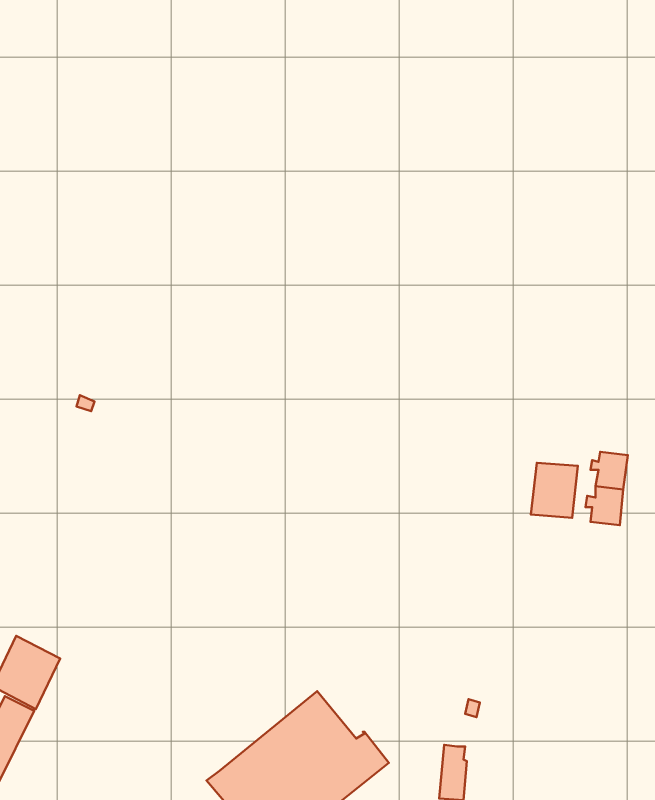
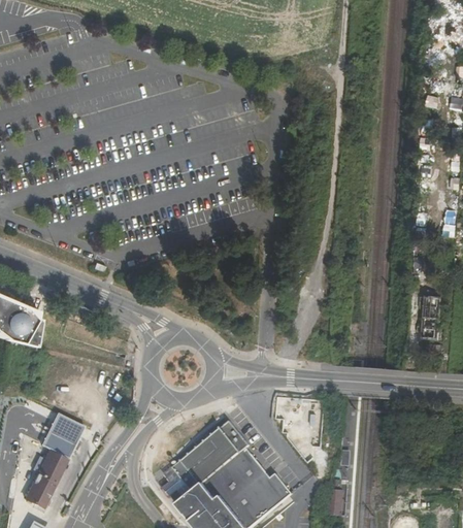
building: [531,463,578,518] -> none
building: none -> [163,425,247,501]

